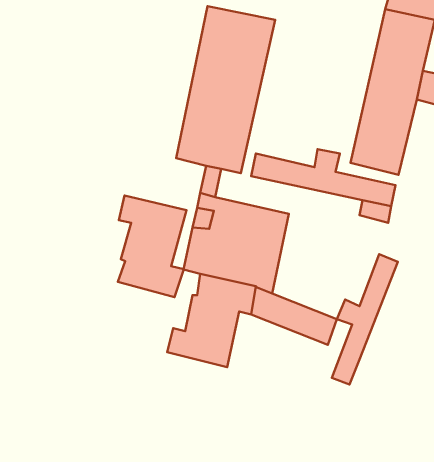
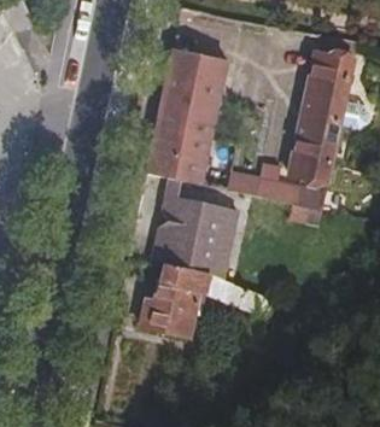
building: [118,195,186,297] -> none
building: [332,254,398,385] -> none

